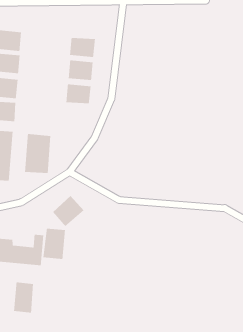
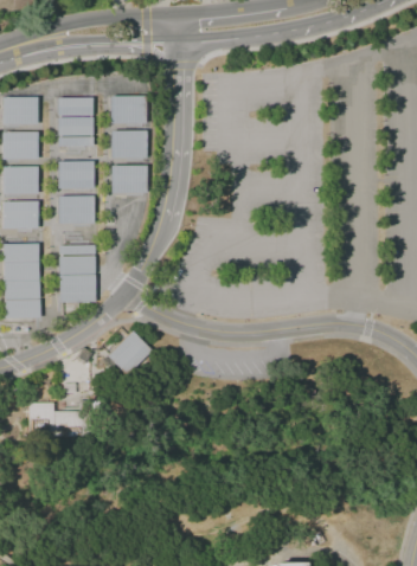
building: none -> [58,99,95,148]
building: none -> [58,161,95,191]
building: none -> [58,197,94,225]
building: [43,228,66,260] -> none
building: [13,281,34,313] -> none

